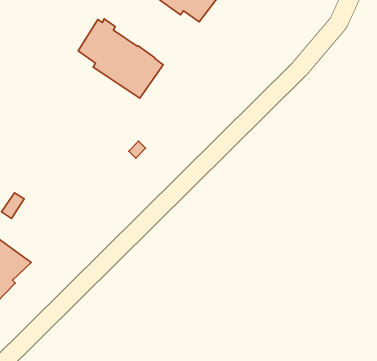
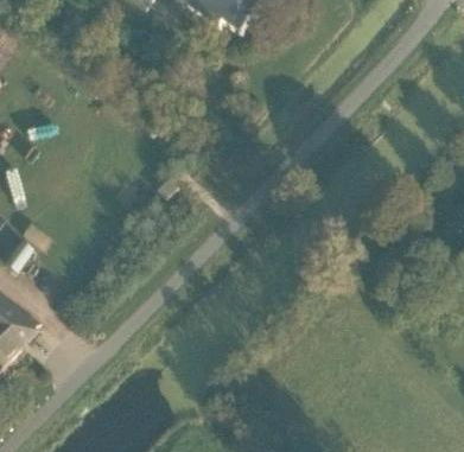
building: [78,19,163,98] -> none

